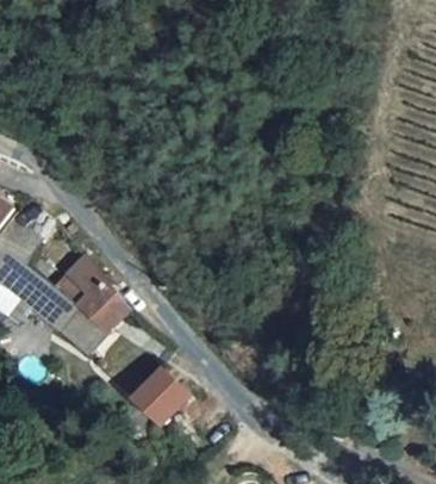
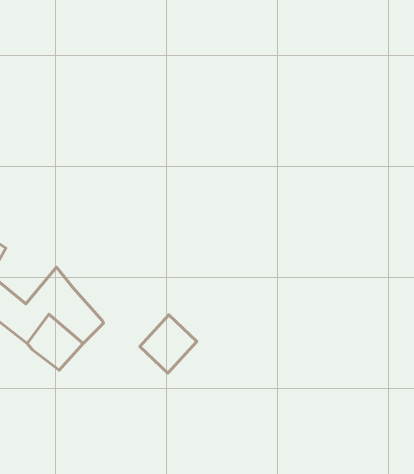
building: [135,368,188,423] -> [140,315,197,373]

